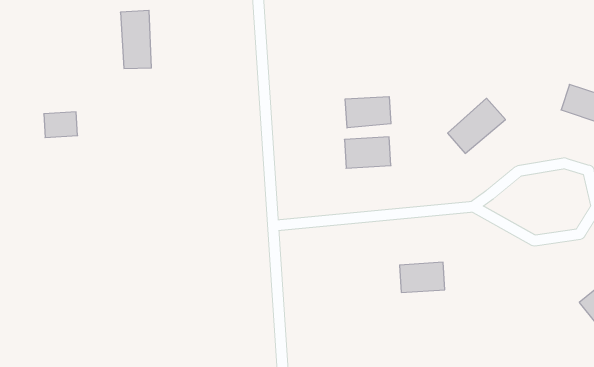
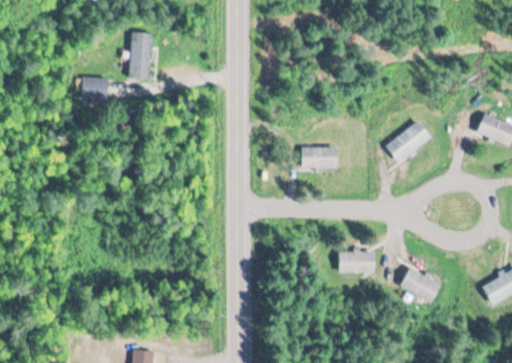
building: [345,97,391,128] -> none
building: [44,112,78,138] -> [81,78,107,97]
building: none -> [400,266,442,303]

